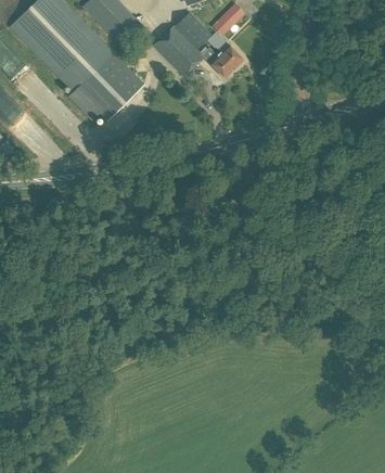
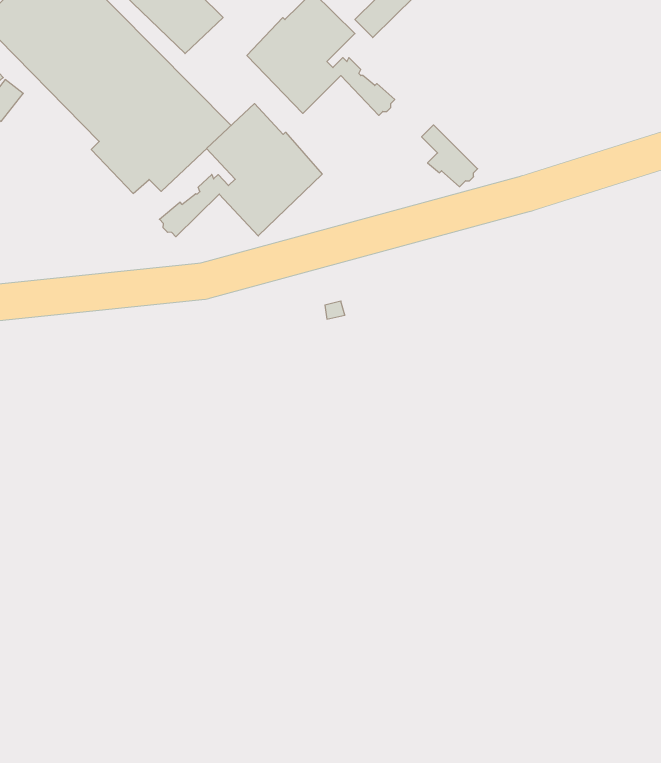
building: [213,36,243,69] -> [422,125,478,187]
building: none -> [159,104,322,237]

